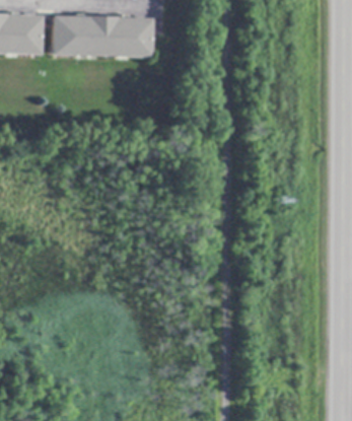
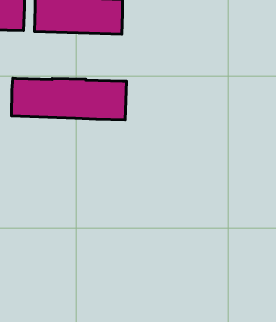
building: none -> [12,78,126,120]

